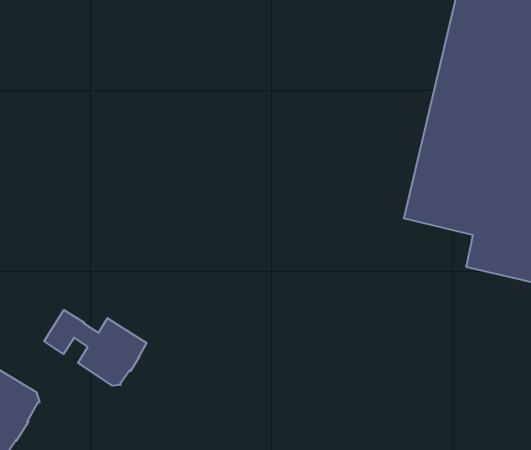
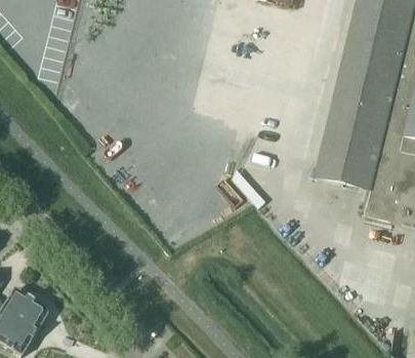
building: [44,310,147,386] -> none

